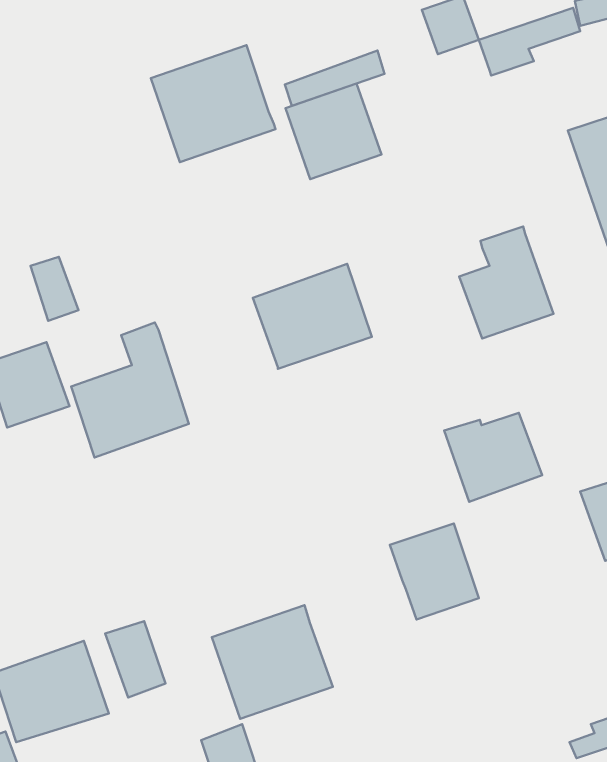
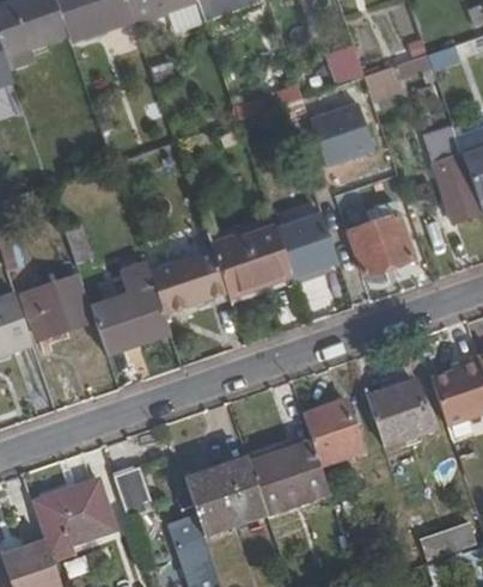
building: [151,45,276,162] -> none
building: [285,83,381,179] -> [311,102,375,166]
building: none -> [279,210,338,274]
building: none -> [148,249,228,318]
building: [444,413,542,502] -> [367,384,433,444]
building: none -> [250,445,331,515]

